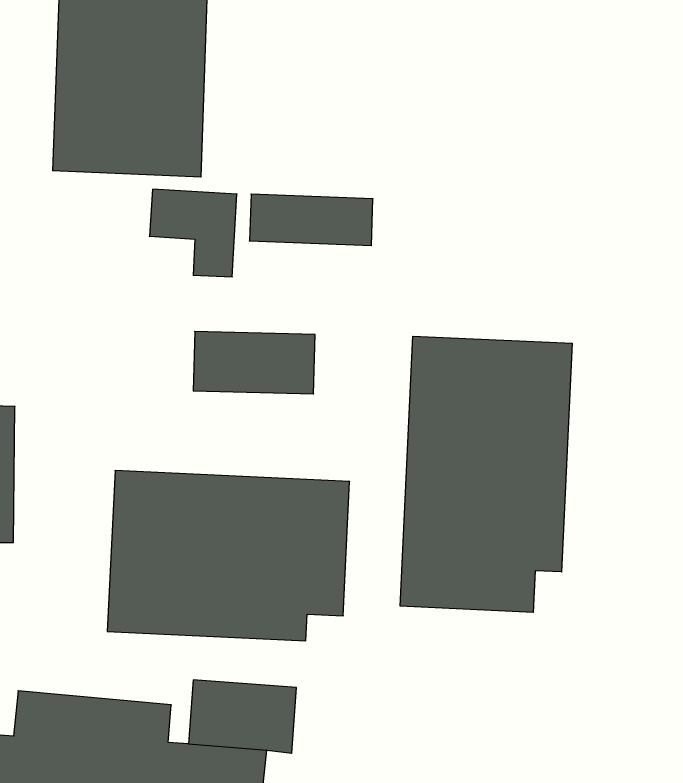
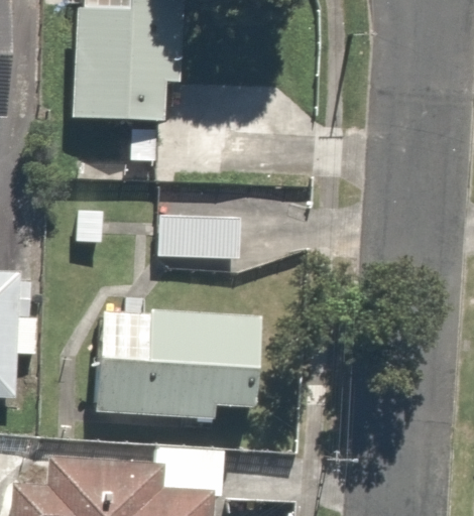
building: [400,336,572,612] -> none

